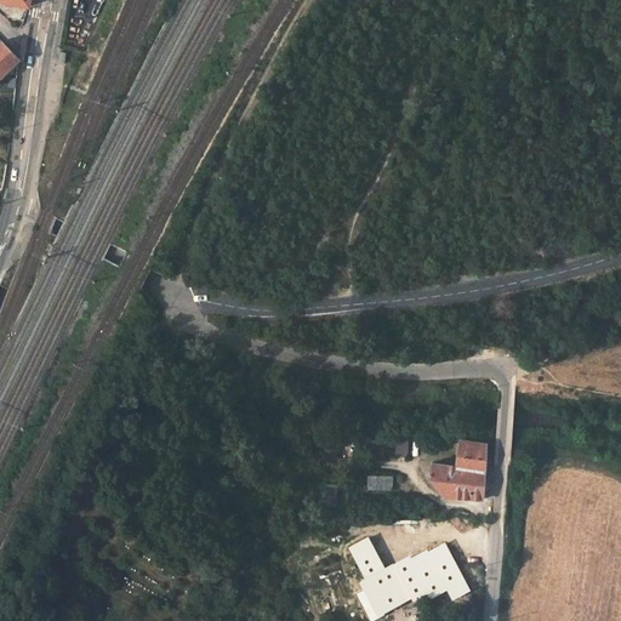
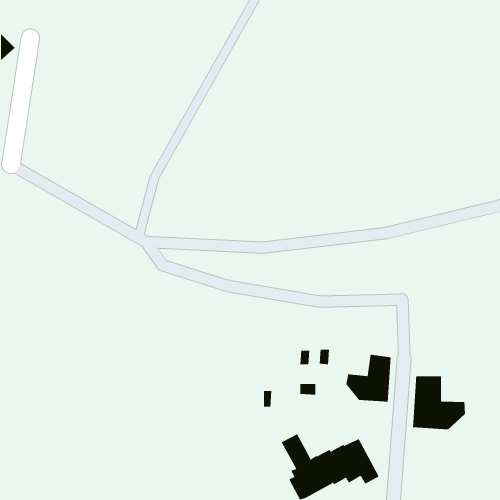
building: none -> [413,375,465,430]

